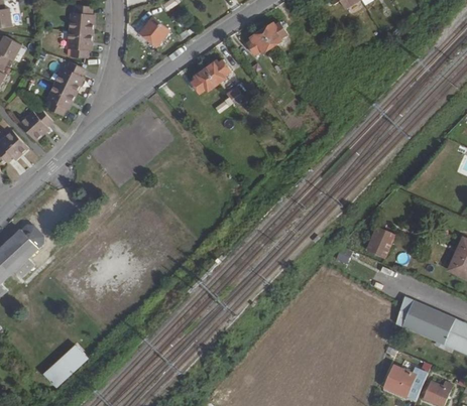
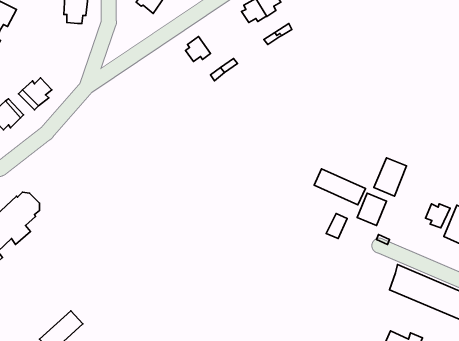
building: [46,60,83,115] -> none
building: [203,60,229,86] -> none
building: none -> [374,158,407,196]
building: none -> [314,169,365,205]
building: none -> [425,204,450,228]

